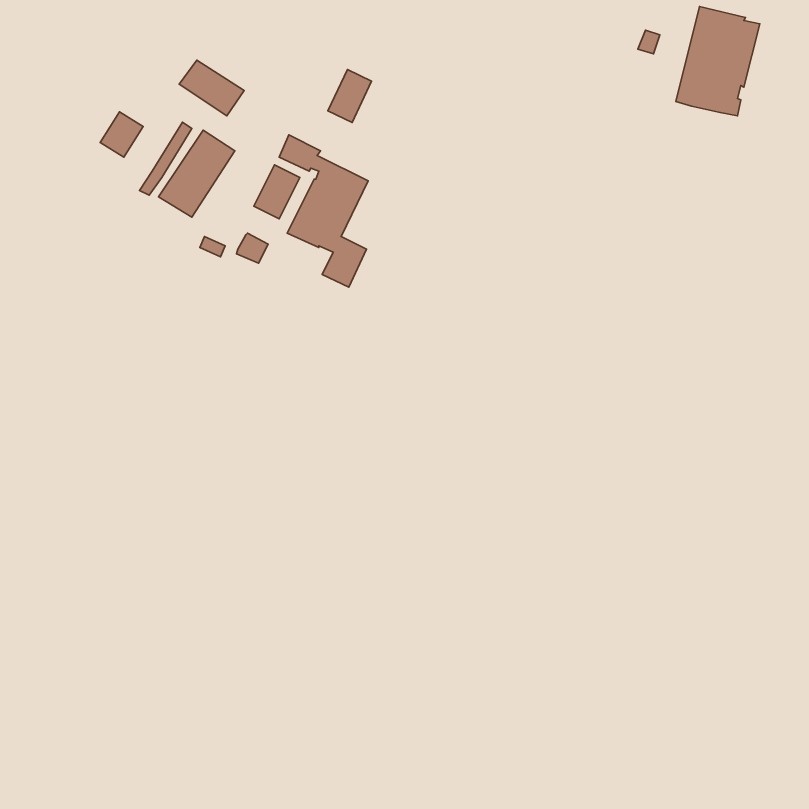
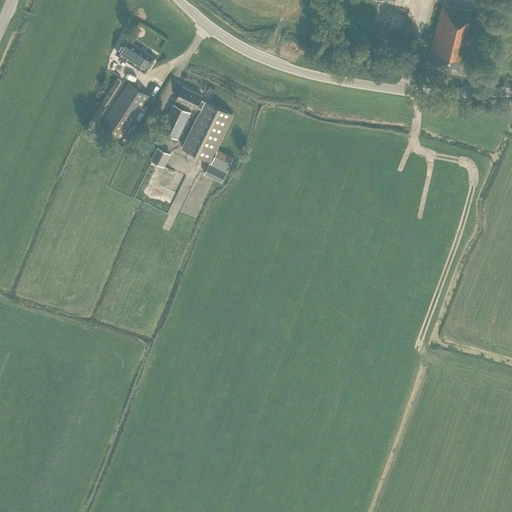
building: [328,70,372,122] -> none
building: [100,112,143,157] -> none

